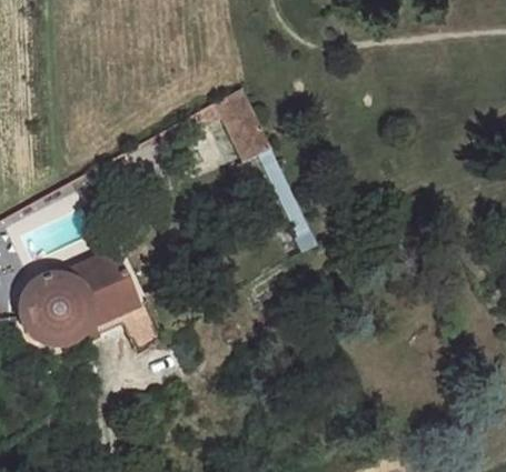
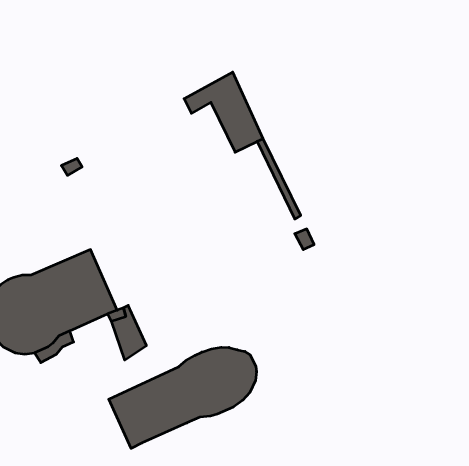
building: none -> [109,347,256,448]

